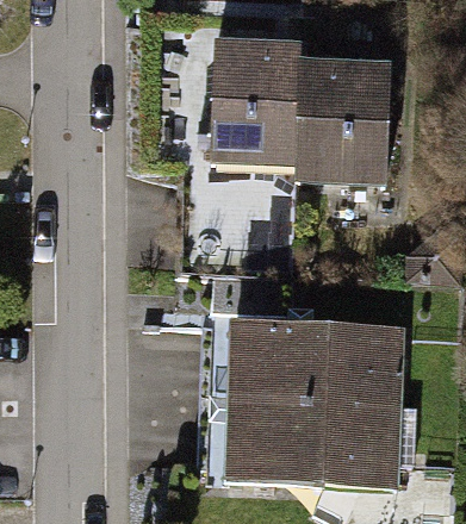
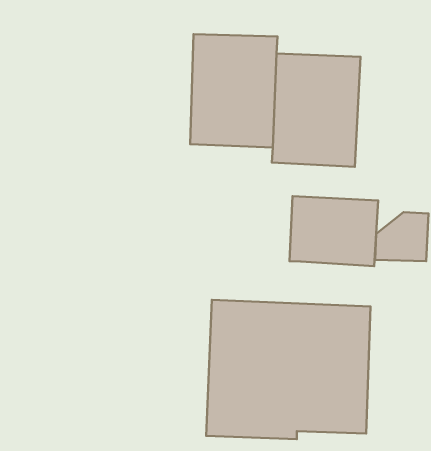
building: none -> [289,196,378,266]

